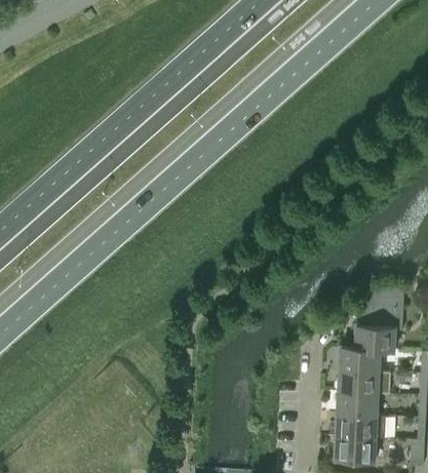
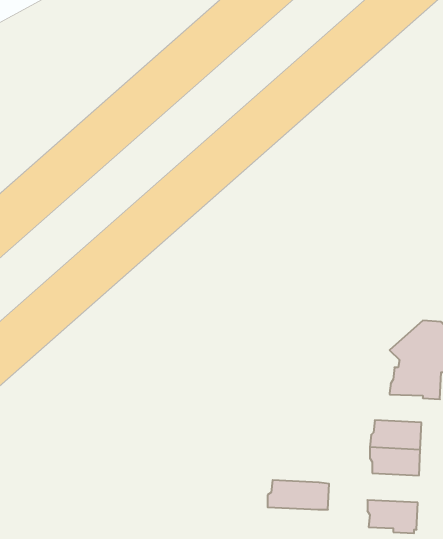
building: [339,346,381,371] -> none
building: [335,413,386,438] -> [268,480,329,510]

